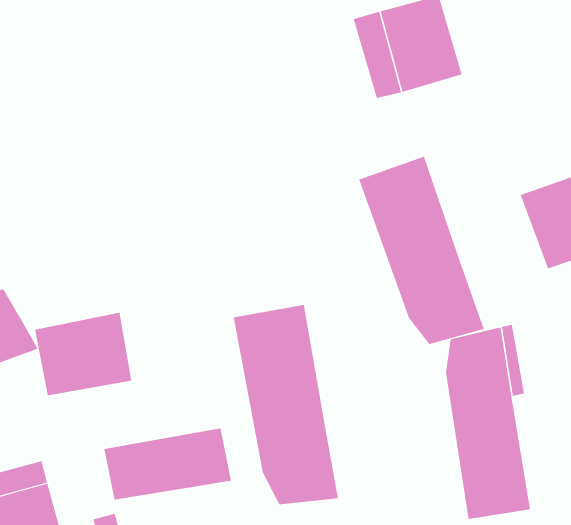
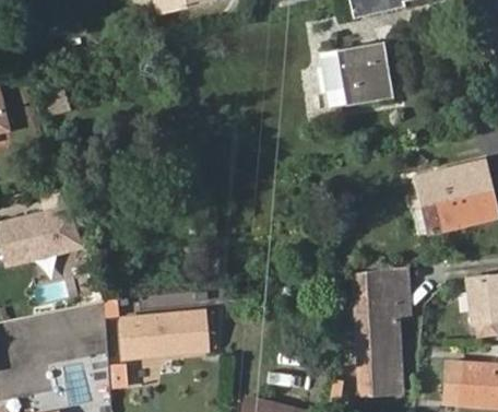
building: [358,156,485,345] -> none
building: [233,304,339,505] -> none
building: [35,312,132,396] -> none

